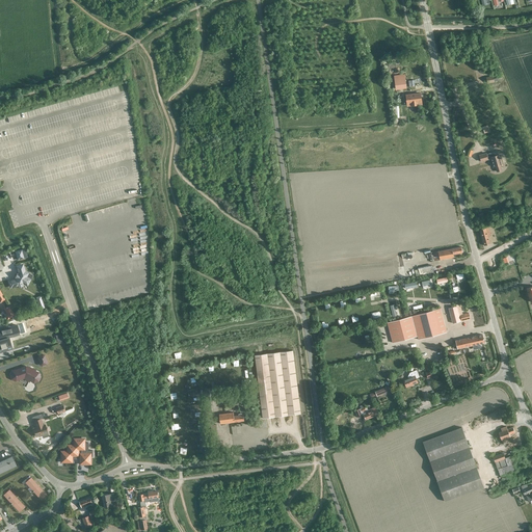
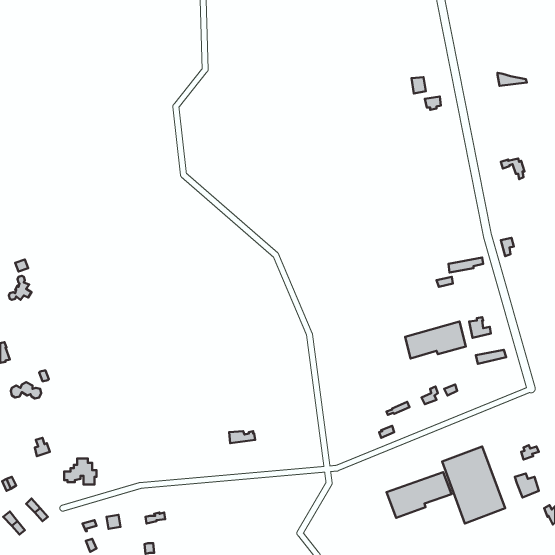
building: [255,347,300,418] -> none
building: none -> [387,472,452,518]

